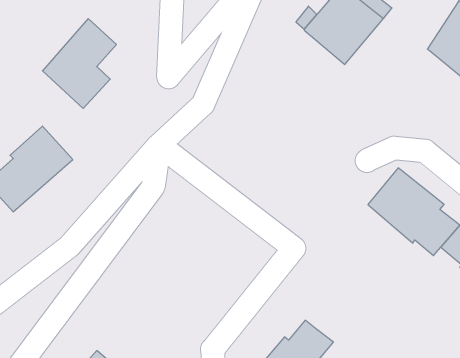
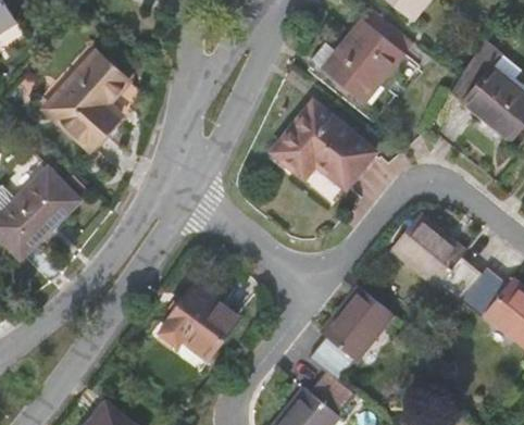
building: none -> [272,103,374,187]
building: none -> [164,285,241,357]
building: none -> [307,285,392,378]

